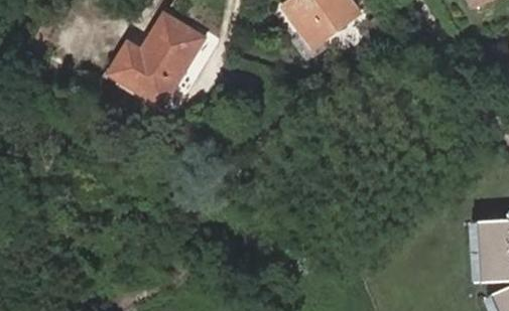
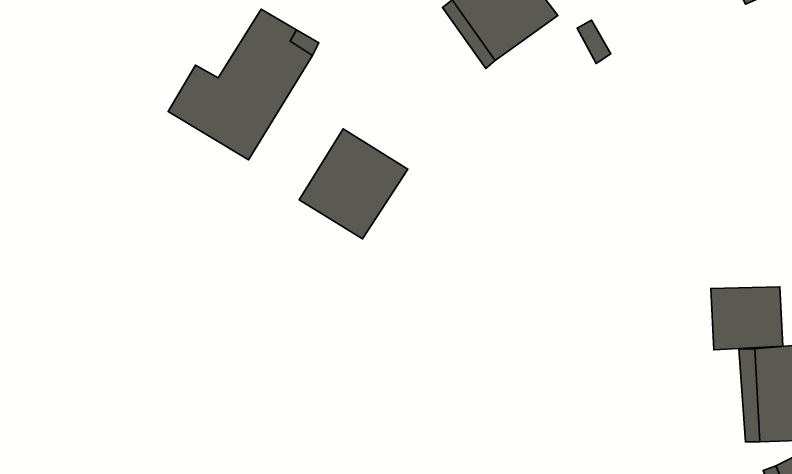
building: none -> [299,129,408,239]
building: none -> [711,287,783,350]

